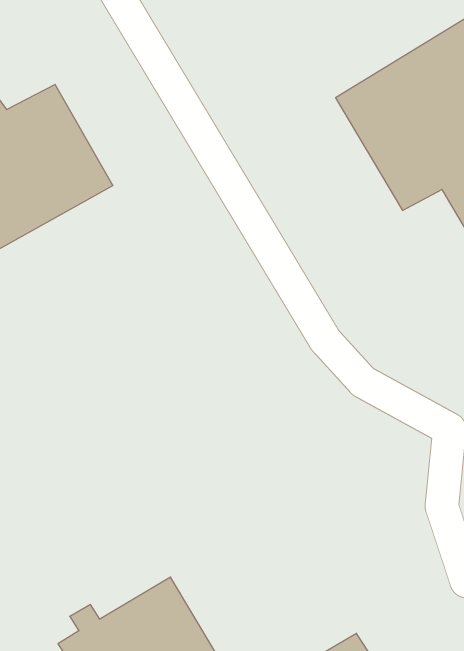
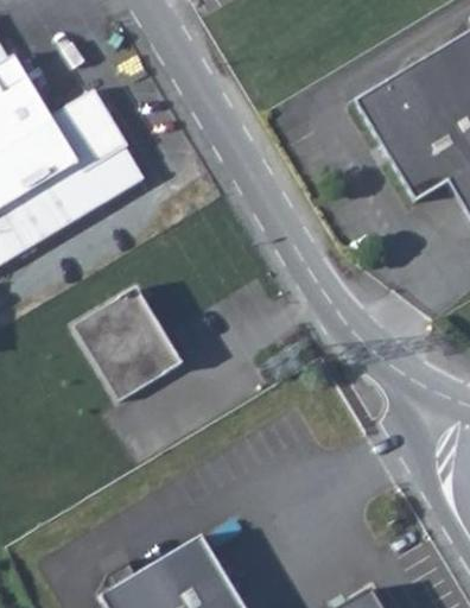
building: none -> [74,287,182,403]

